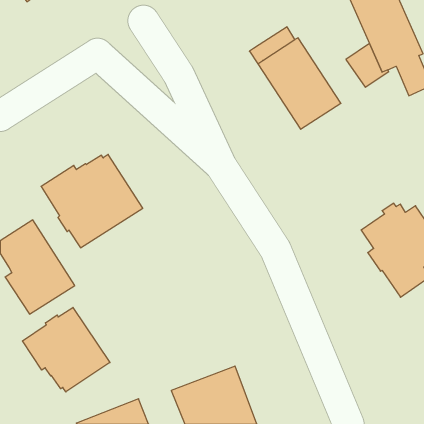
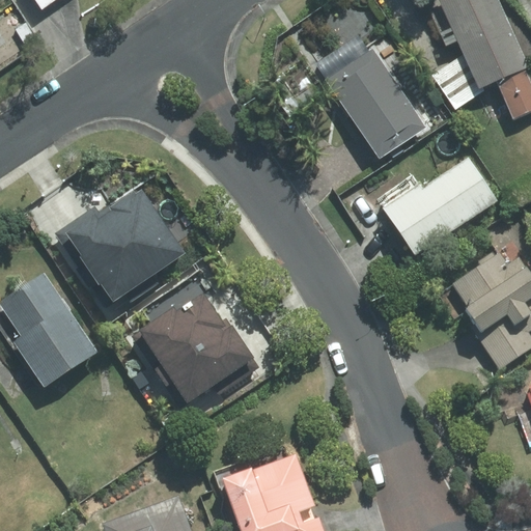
building: none -> [383,155,500,256]
building: none -> [131,296,251,408]
building: [22,307,110,392] -> none

